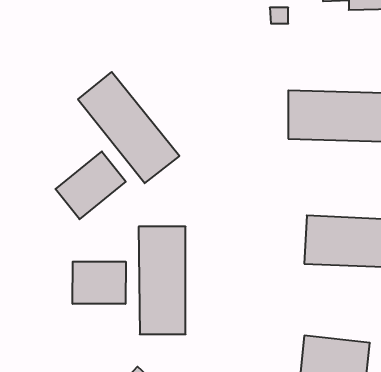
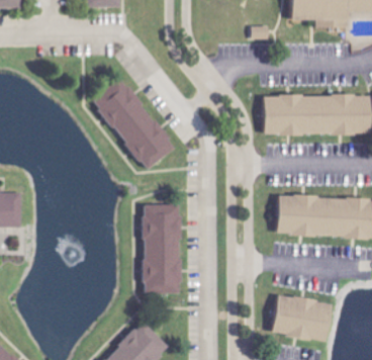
building: [55,151,126,219] -> none
building: [73,262,126,304] -> none

